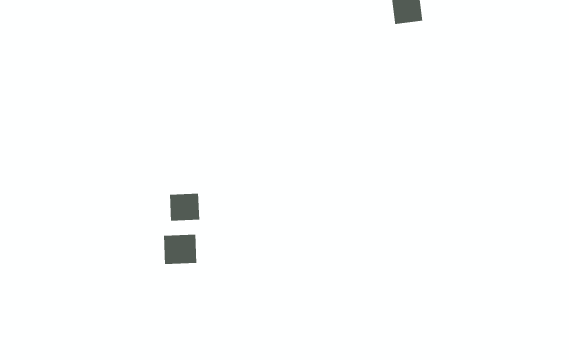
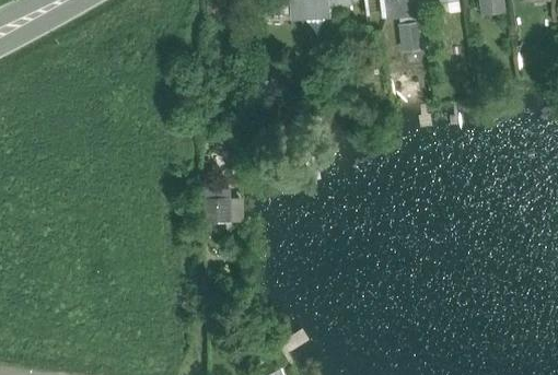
building: [163,234,197,265] -> none

